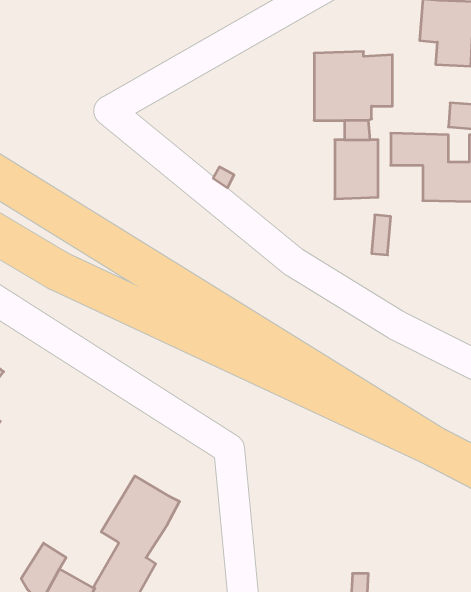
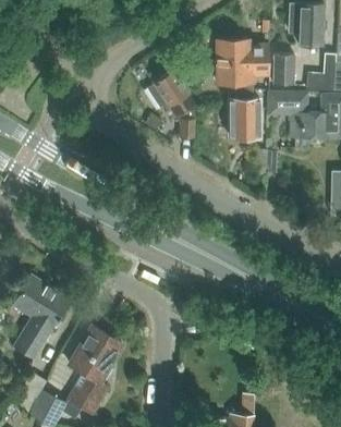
building: none -> [272,56,295,85]
building: none -> [148,64,195,138]
building: none -> [13,274,71,358]

